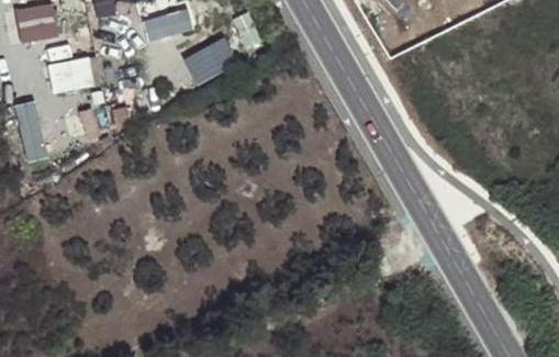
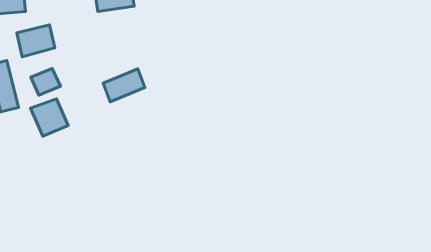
building: [183,38,235,79] -> [103,69,145,102]
building: none -> [31,99,68,136]

